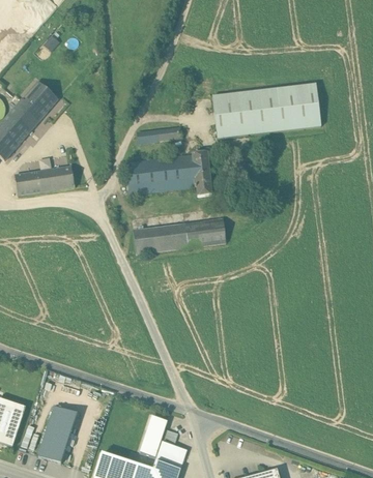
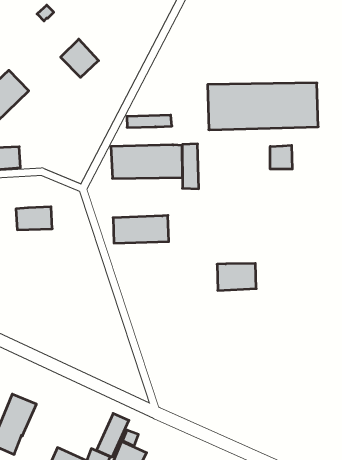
building: [22,81,58,117] -> [61,39,99,77]
building: none -> [270,145,292,169]
building: [38,166,75,190] -> [16,207,52,230]
building: [185,218,225,247] -> [217,263,256,290]

